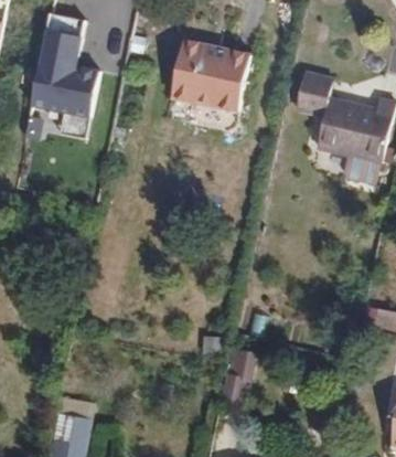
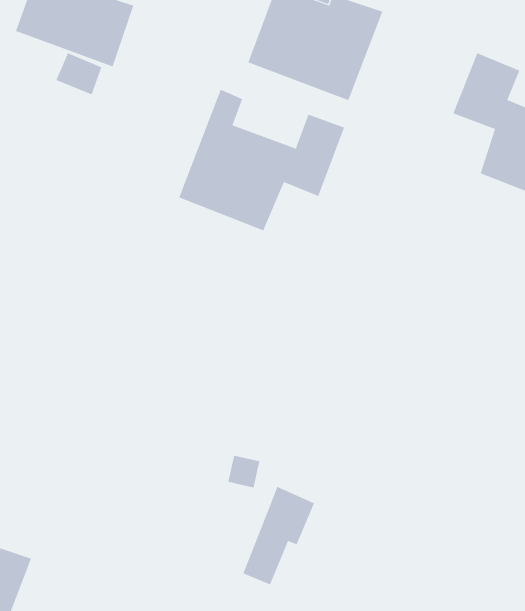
building: none -> [178,89,345,231]

